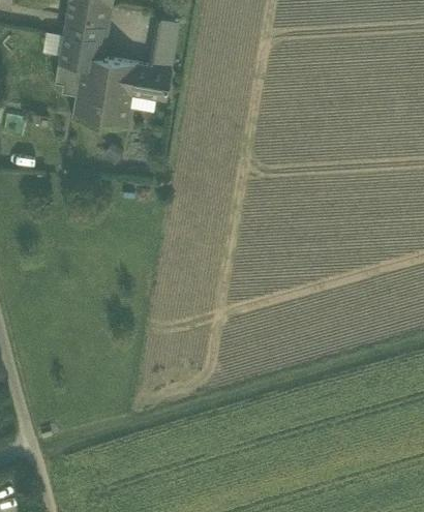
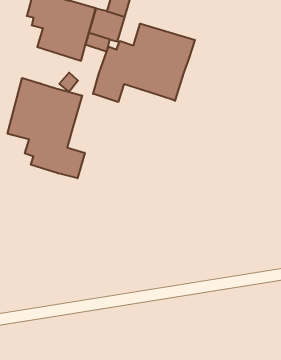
building: none -> [93,24,195,102]
building: none -> [8,78,85,178]

